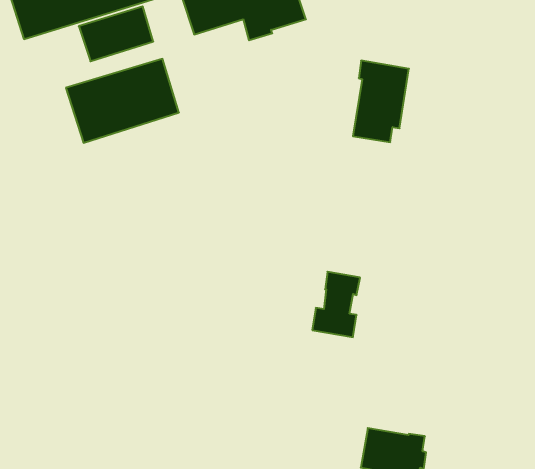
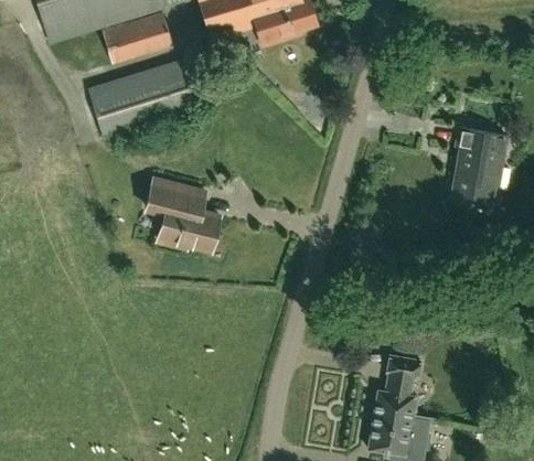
building: [353,61,409,142] -> [451,126,504,203]
building: none -> [146,178,218,249]
building: [312,272,360,337] -> [374,354,419,416]

